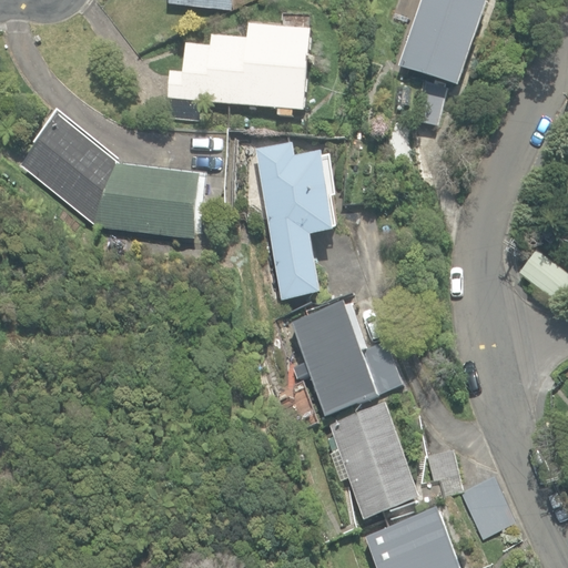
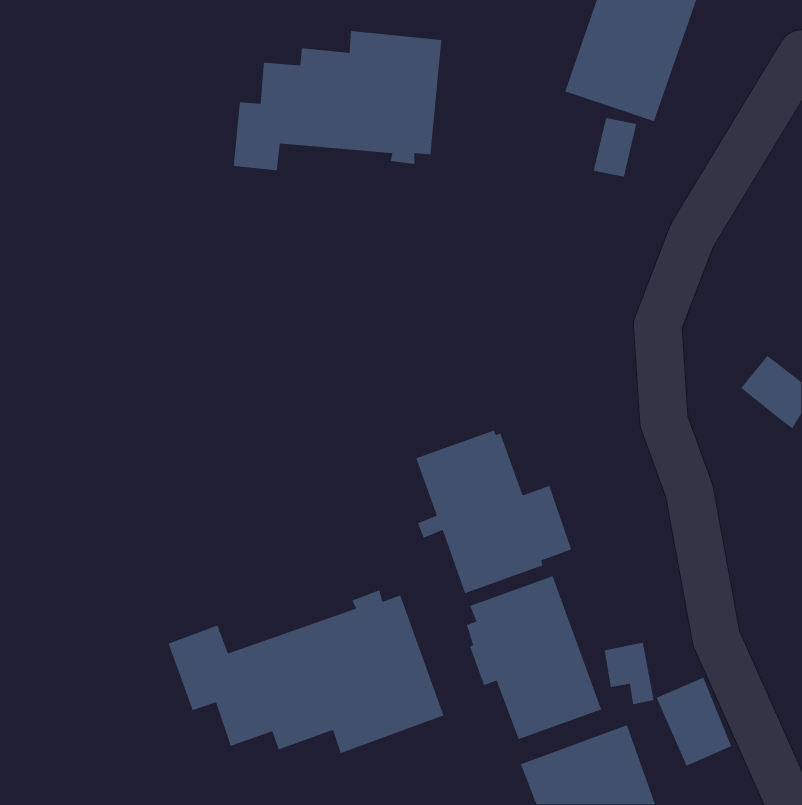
building: [20,115,201,237] -> none
building: [254,142,335,298] -> none
building: none -> [167,589,445,754]

